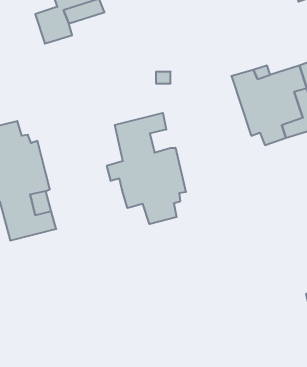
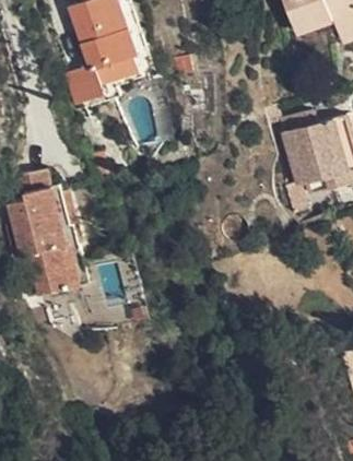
building: [107,113,186,224] -> none

